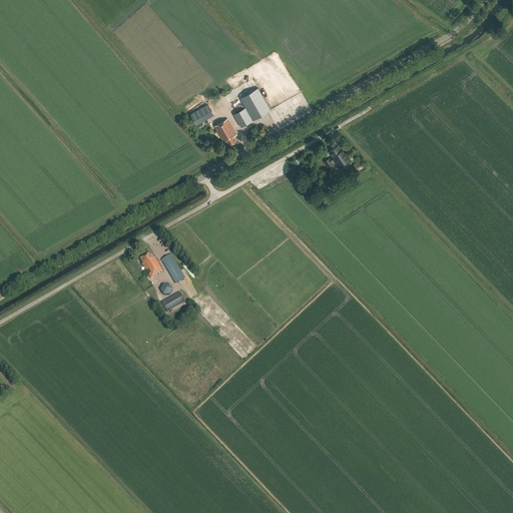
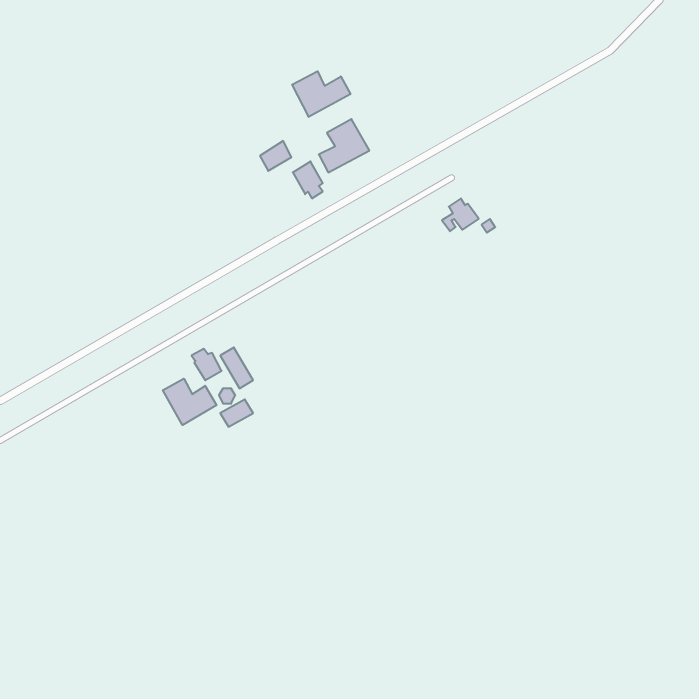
building: none -> [292,71,350,117]
building: none -> [163,379,216,425]

